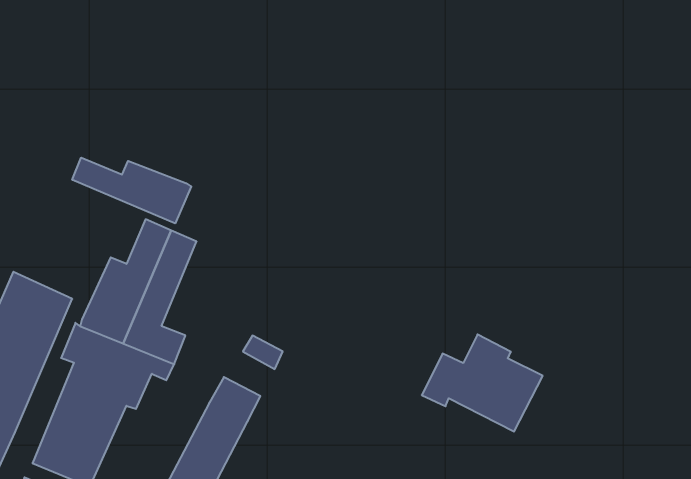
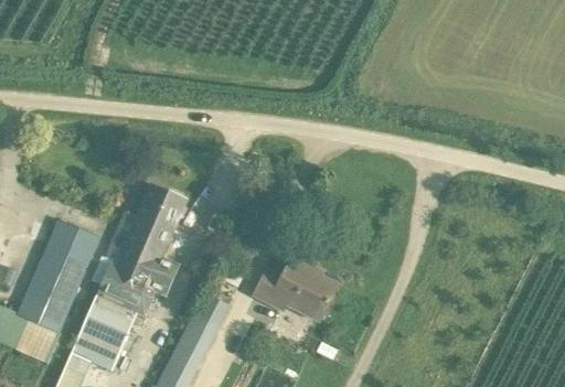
building: [72,158,191,223] -> none
building: [422,334,543,432] -> [254,256,338,323]

